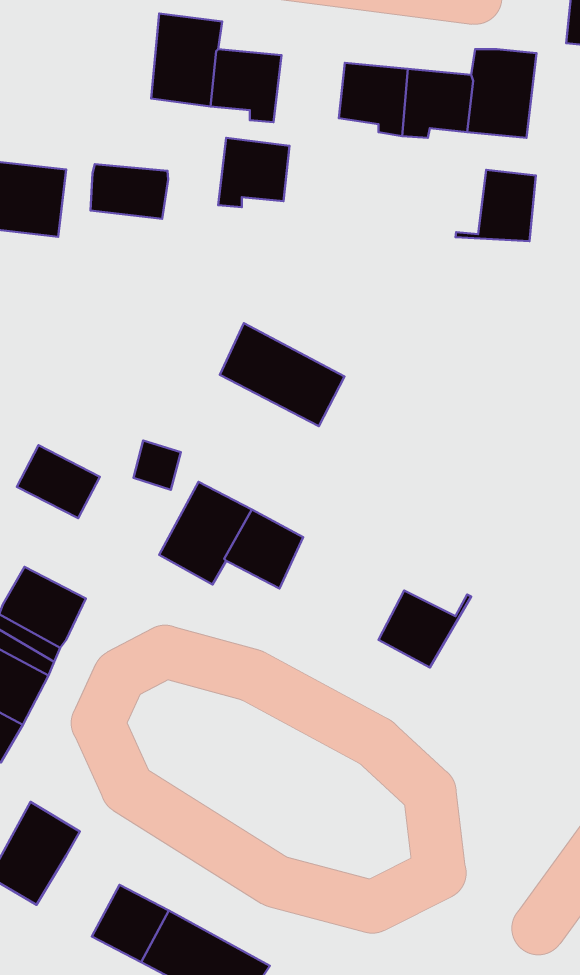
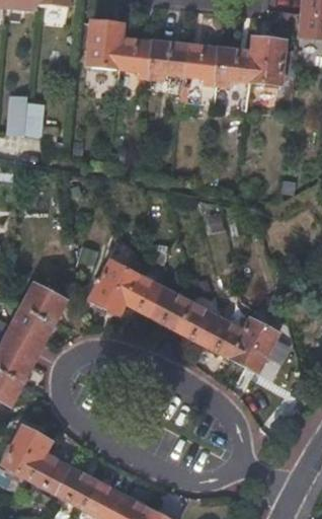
building: [218,138,289,207] -> [150,43,186,78]
building: [91,164,168,219] -> none
building: [456,170,536,241] -> none
building: [220,323,344,426] -> [153,290,217,343]
building: [17,445,100,518] -> [22,284,65,321]
building: none -> [230,320,277,372]
building: none -> [28,453,71,495]

